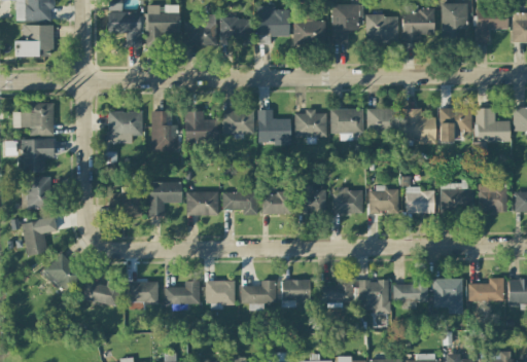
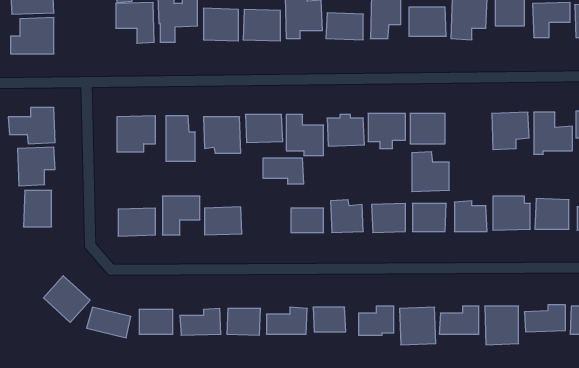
building: [402,108,435,143] -> [412,152,449,192]
building: [221,192,257,215] -> [263,158,304,184]
building: [21,218,56,255] -> none

